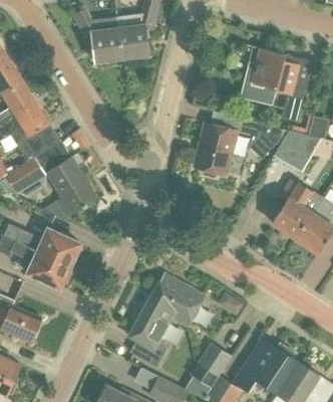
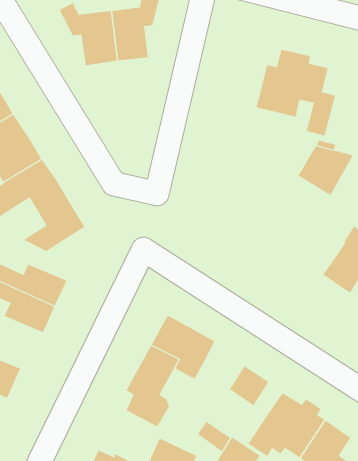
building: [195,112,282,177] -> none
building: [272,177,314,238] -> none
building: [197,342,231,376] -> [229,366,269,406]

